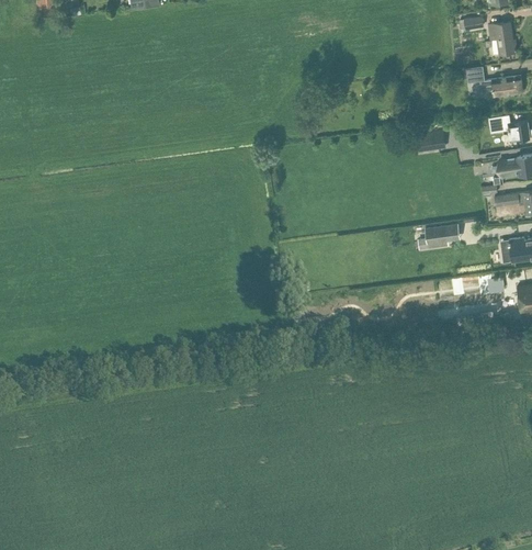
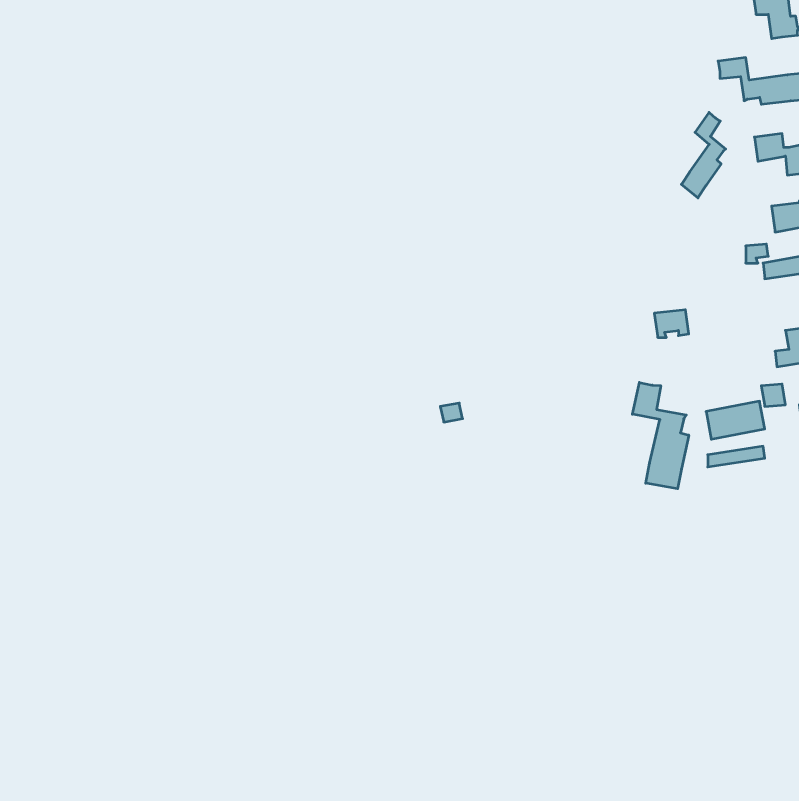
building: none -> [681,112,726,198]
building: none -> [632,382,689,489]

